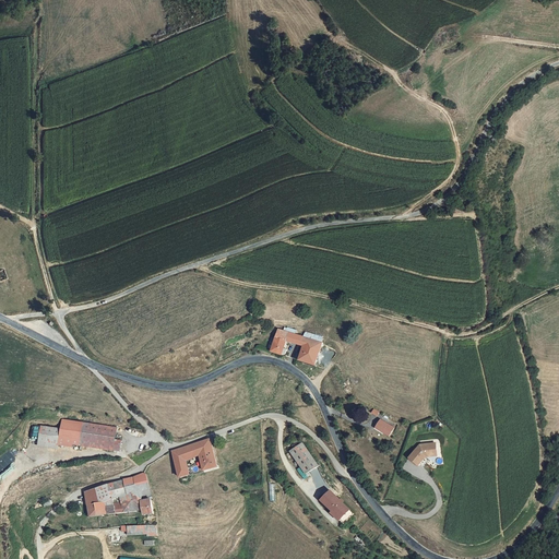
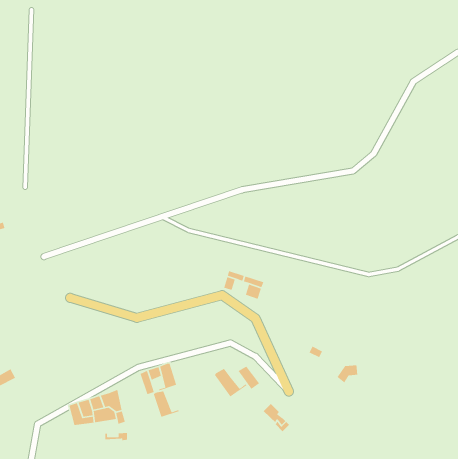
building: [35,417,119,451] -> none
building: none -> [214,368,248,398]
building: none -> [153,390,180,418]

